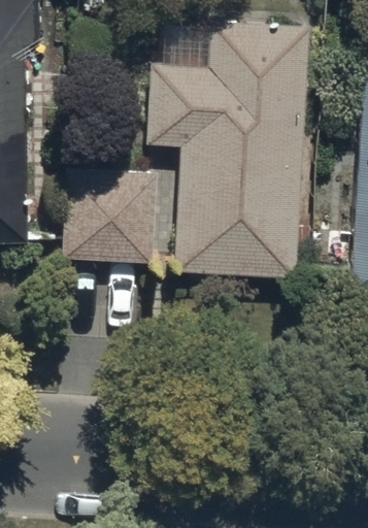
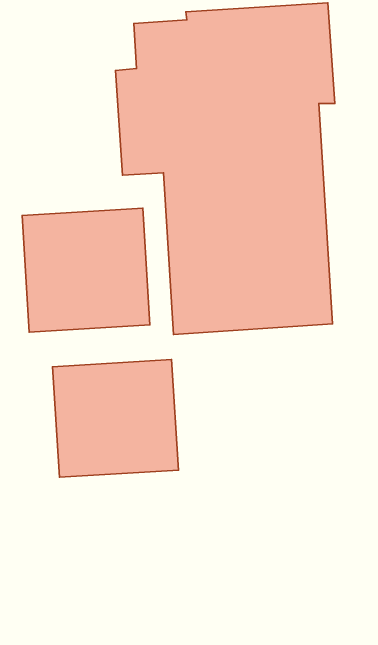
building: none -> [53,360,178,477]

